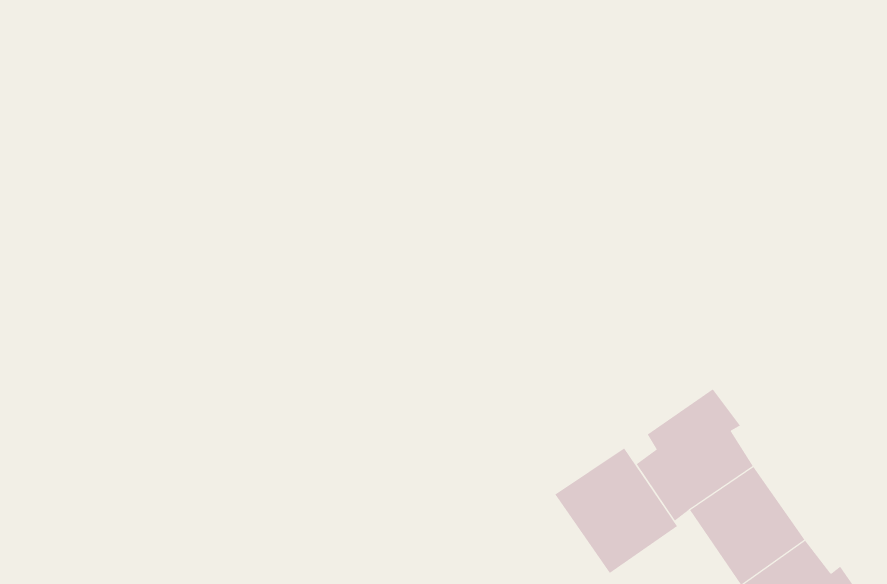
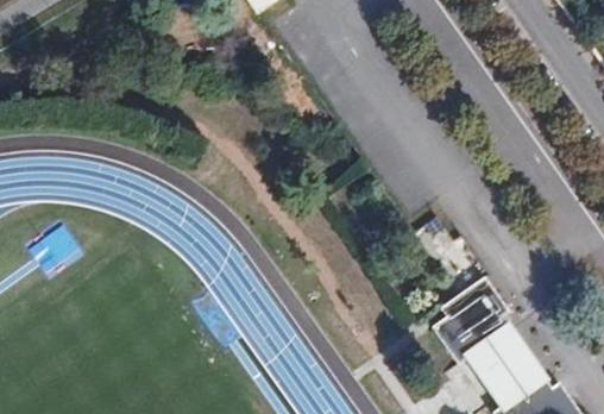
building: [554,448,678,574] -> none

